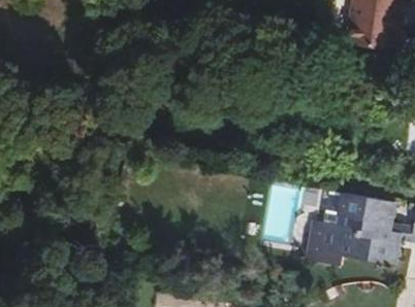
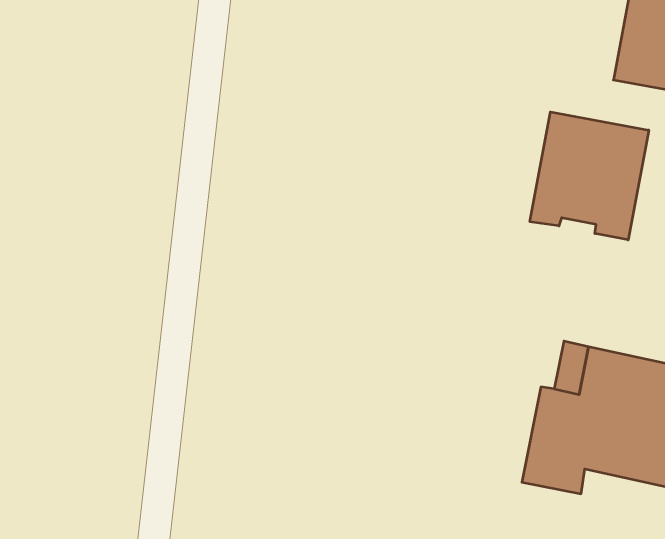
building: none -> [530,112,649,240]

